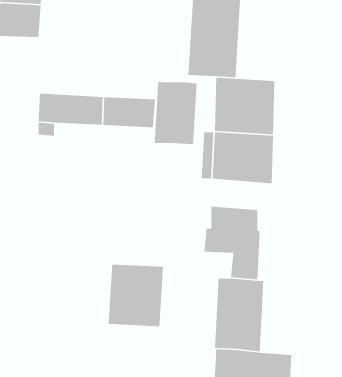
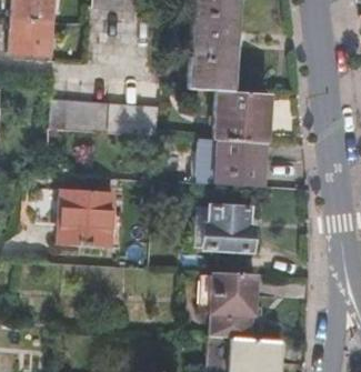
building: [154,81,197,145] -> none
building: [108,264,164,327] -> [60,189,111,247]

